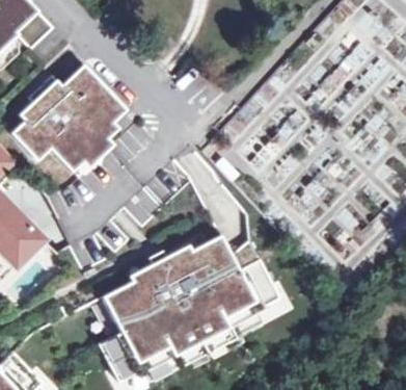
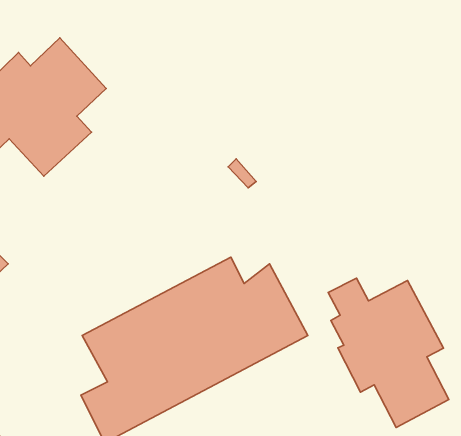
building: none -> [328,278,449,427]

